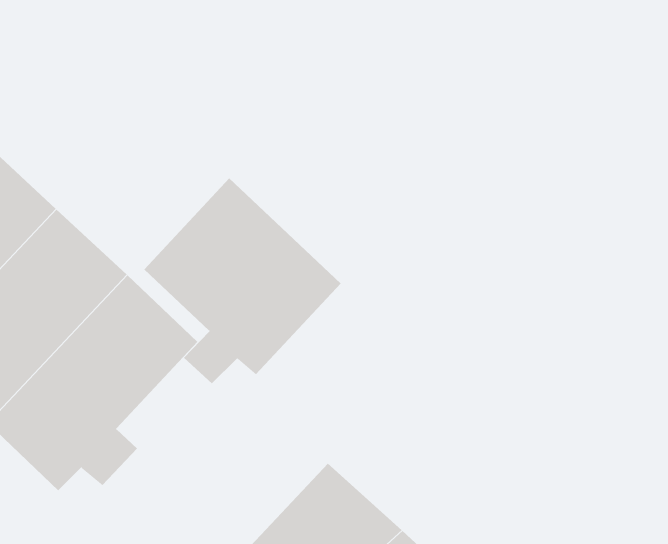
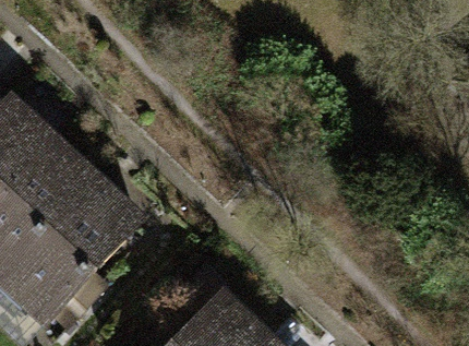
building: [143,178,341,384] -> none

